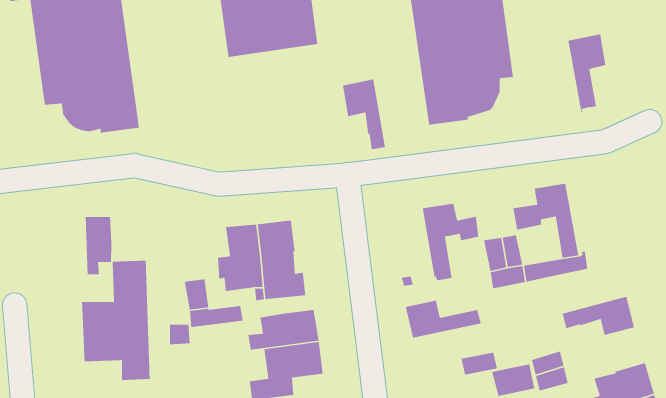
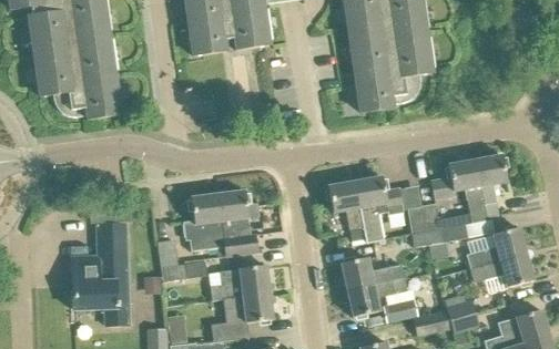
building: [568,34,606,113] -> [475,153,507,219]
building: [342,78,386,150] -> [328,179,365,239]
building: [85,216,112,275] -> none
building: none -> [468,226,526,267]
building: none -> [347,276,407,315]

